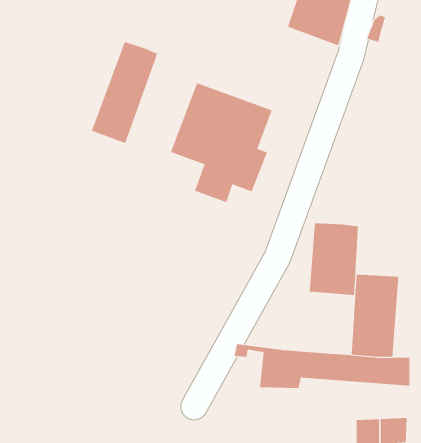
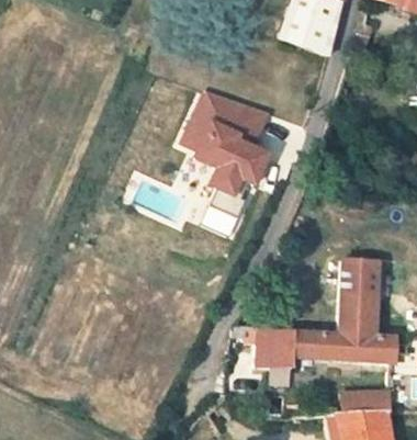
building: [91,41,158,144] -> none
building: [309,222,359,296] -> none

